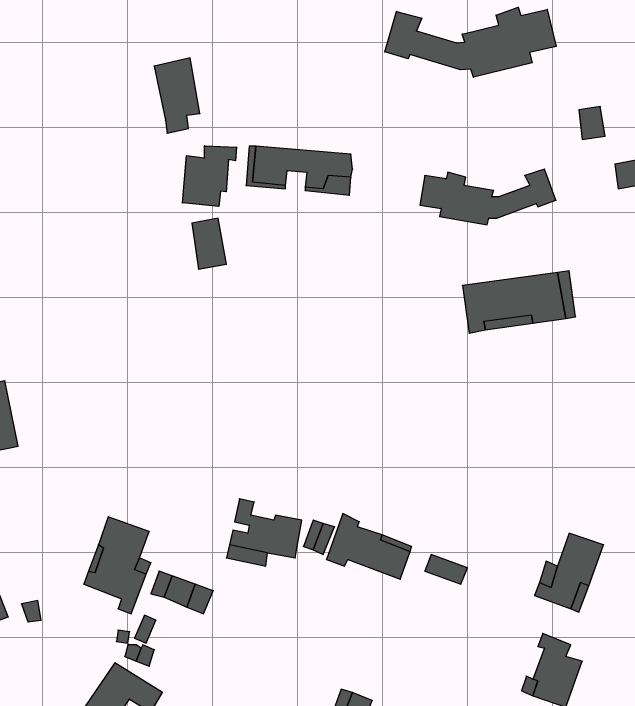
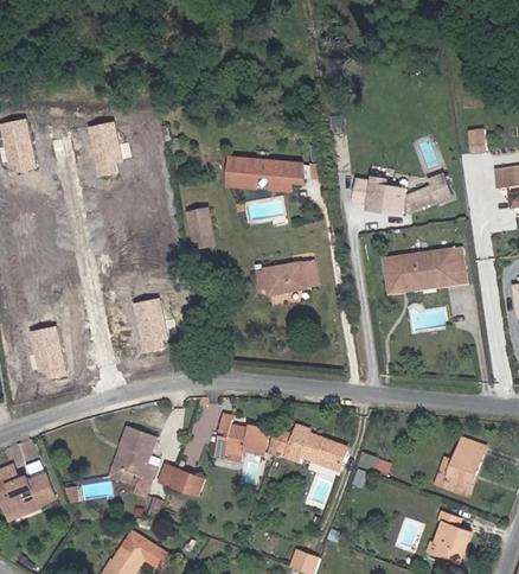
building: [385,7,556,77] -> none
building: [154,58,200,133] -> [86,122,120,177]
building: [182,146,236,206] -> none
building: none -> [256,262,316,294]
building: none -> [132,299,165,353]

